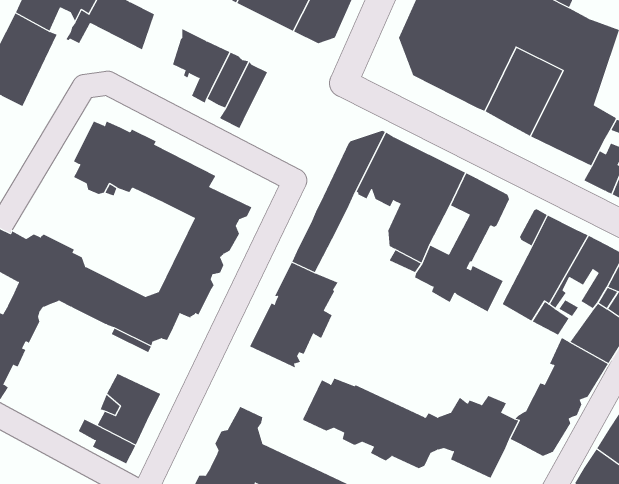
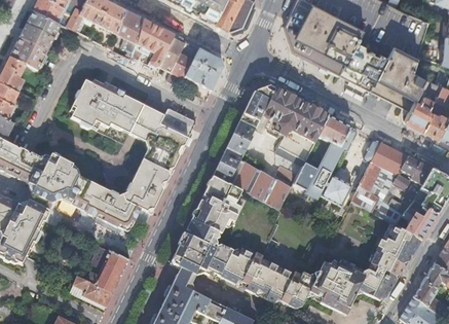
building: none -> [112,10,142,58]
building: none -> [183,48,222,91]
building: none -> [160,108,194,137]
building: none -> [229,136,292,210]
building: none -> [170,228,233,276]

